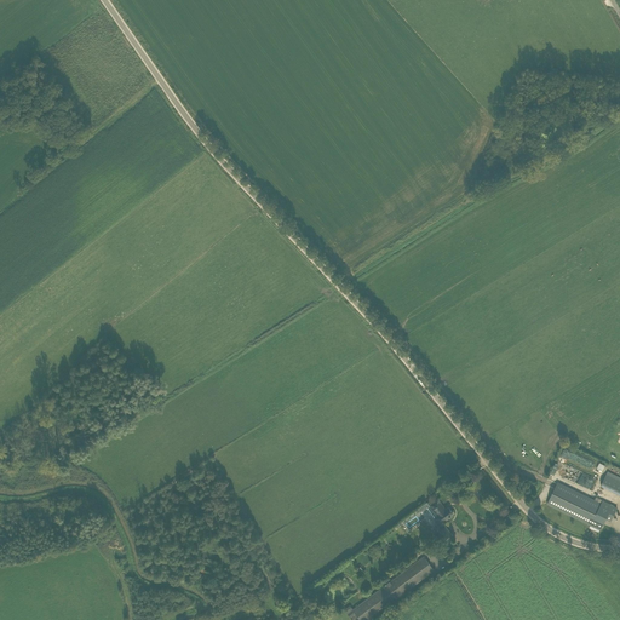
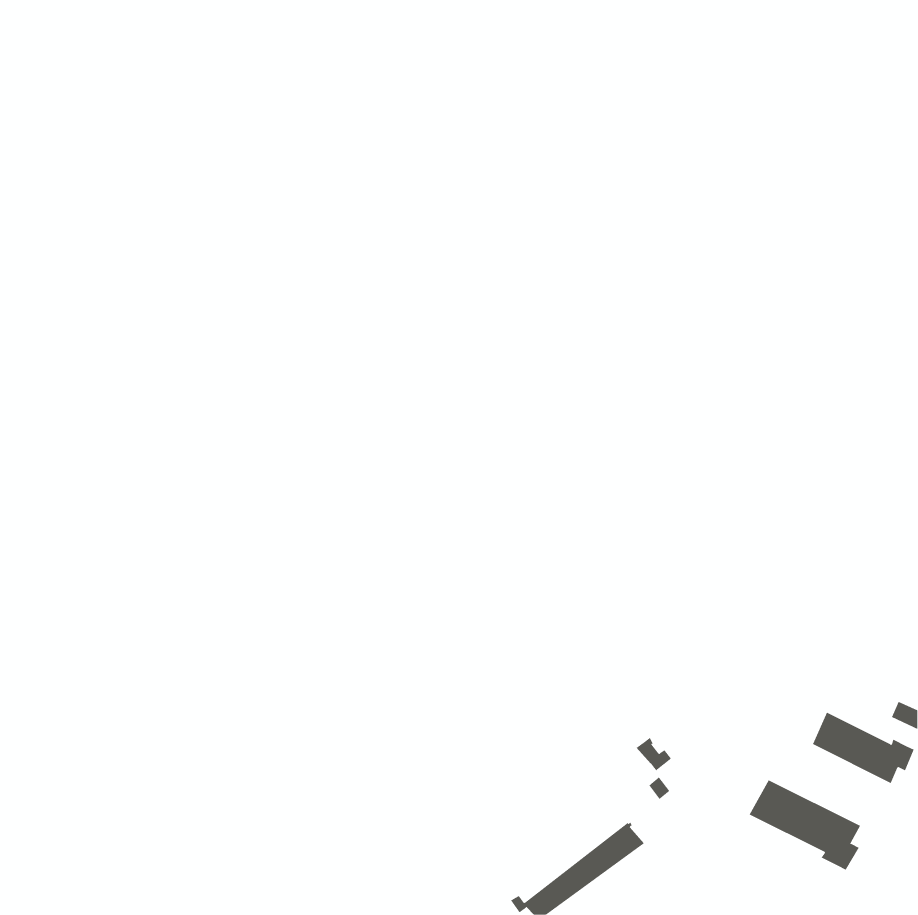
building: none -> [749,779,861,870]

